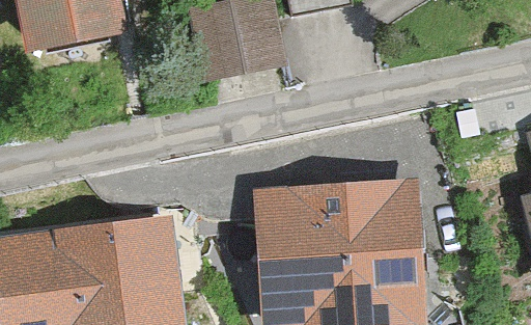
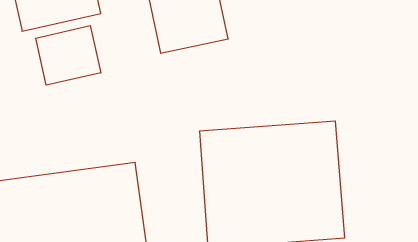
building: none -> [36,26,101,85]

